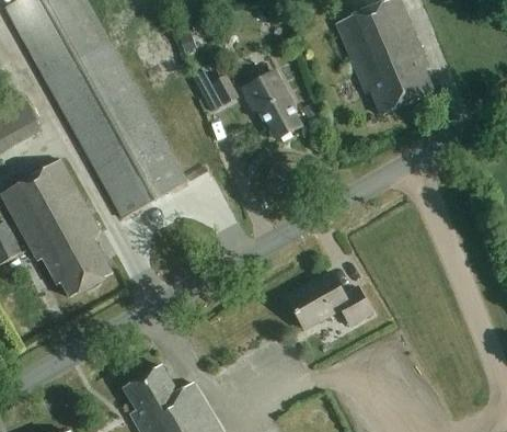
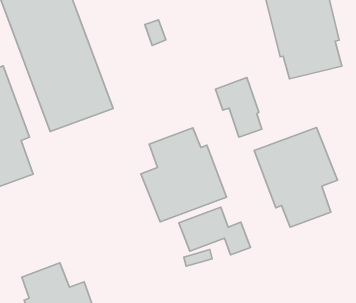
building: [240,71,299,139] -> [215,78,262,137]
building: none -> [254,127,338,227]
building: none -> [141,128,226,222]

